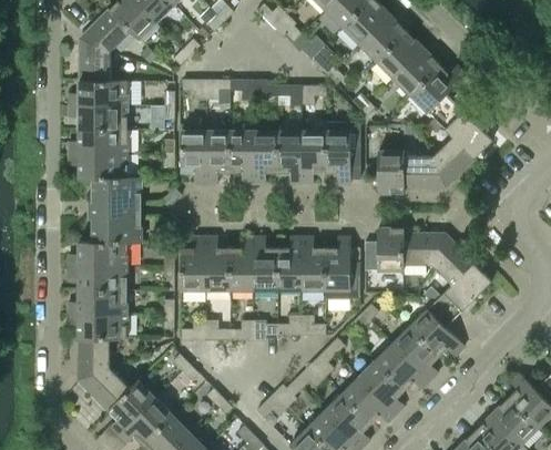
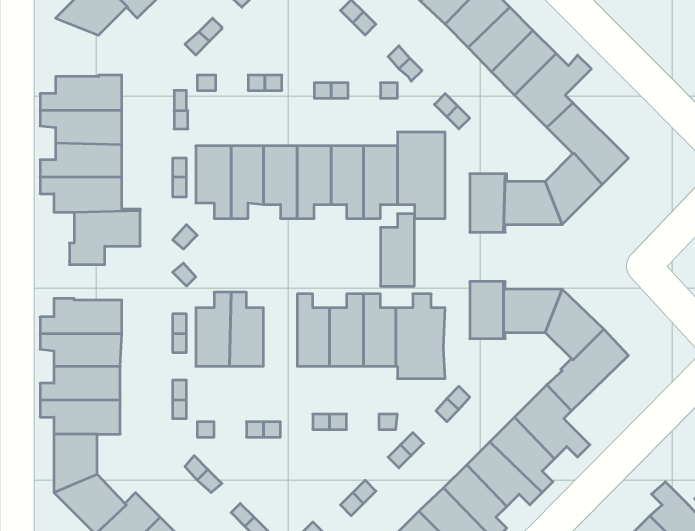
building: [79,39,110,81] -> none
building: [89,203,141,242] -> none
building: [228,237,253,289] -> [380,214,414,286]

